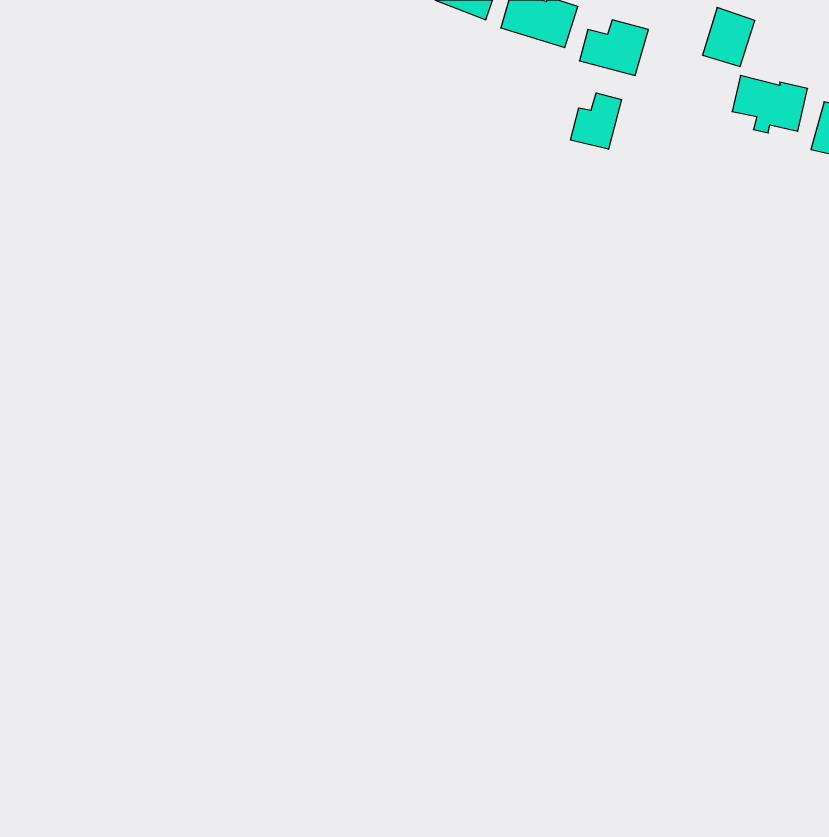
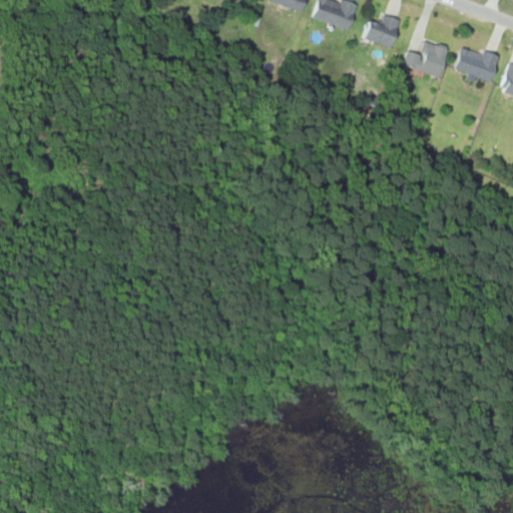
building: [702,7,755,67] -> [416,41,448,77]
building: [571,93,621,149] -> none

